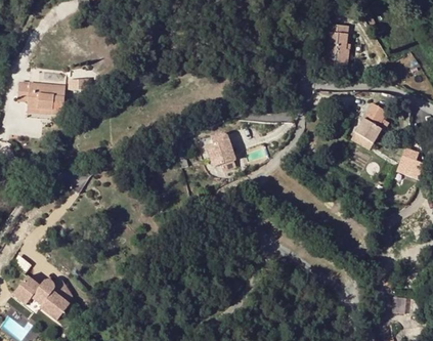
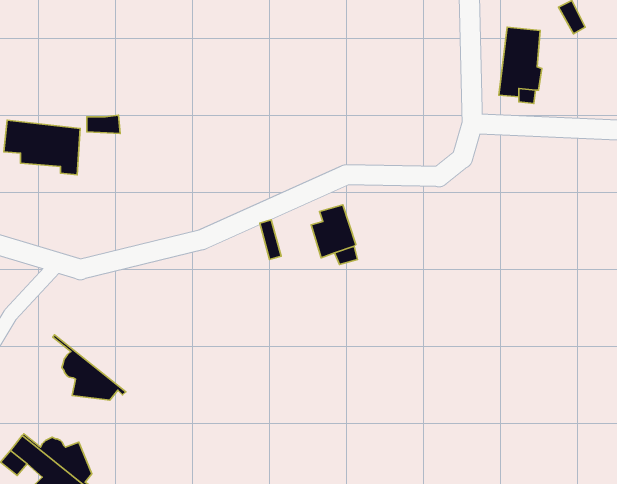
building: [354,100,389,141] -> none
building: none -> [53,335,126,400]

